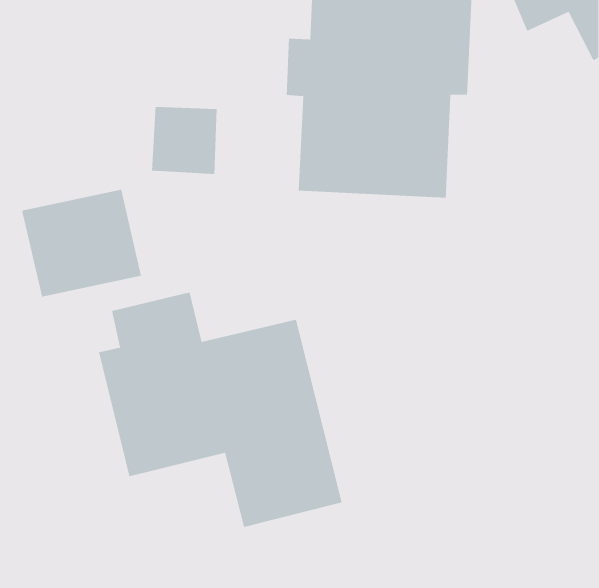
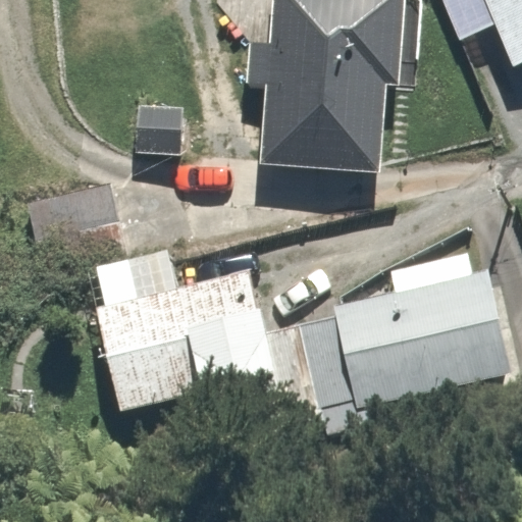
building: none -> [337,267,512,402]

